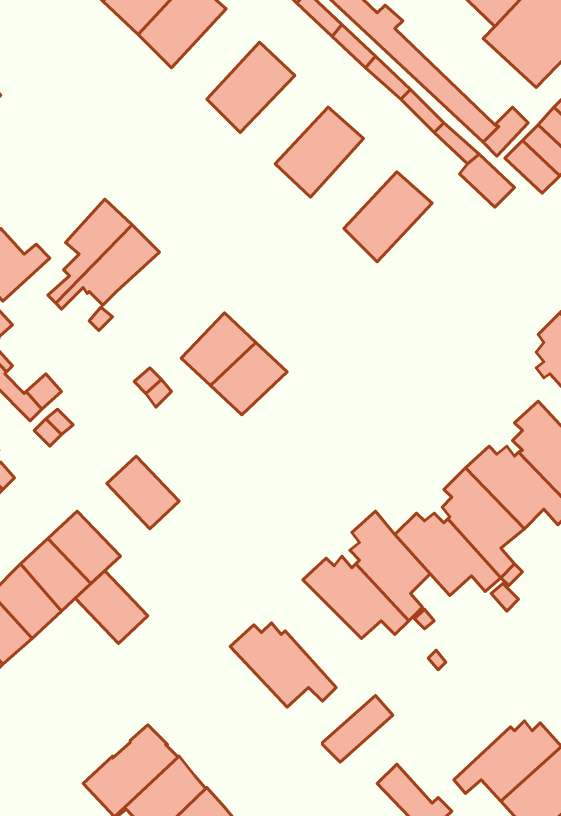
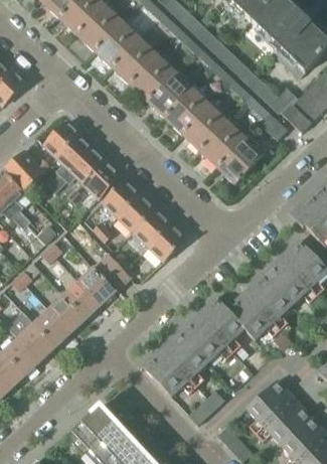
building: none -> [112,38,157,85]
building: none -> [147,72,192,118]
building: none -> [183,105,227,151]
building: none -> [43,122,79,166]
building: none -> [217,138,264,185]
building: none -> [84,163,121,198]
building: none -> [102,179,139,217]
building: none -> [148,224,186,262]
building: none -> [94,252,133,291]
building: [75,571,148,643] -> [63,282,101,319]
building: none -> [166,331,209,386]
building: none -> [247,379,289,434]

